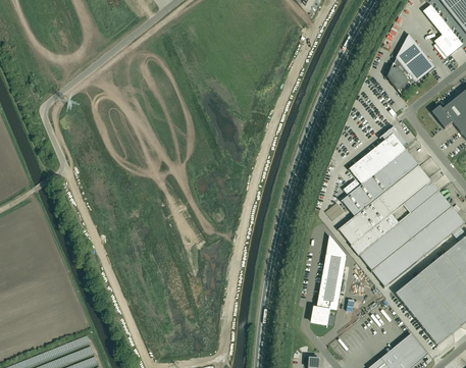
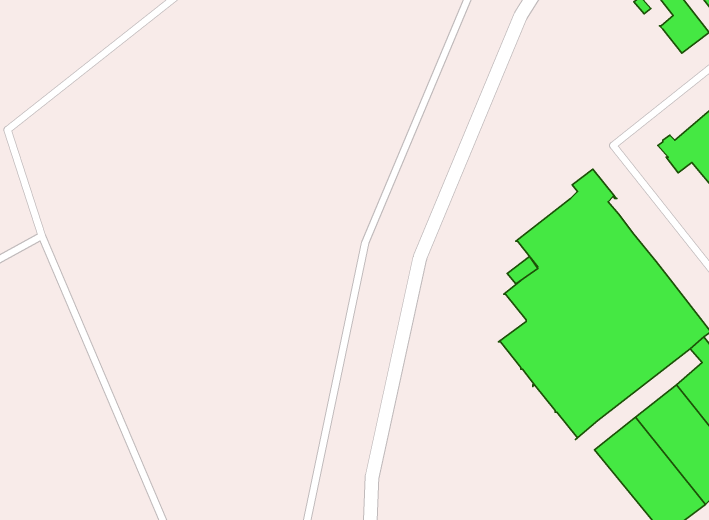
building: [389,33,435,93] -> none
building: [312,256,346,325] -> none

